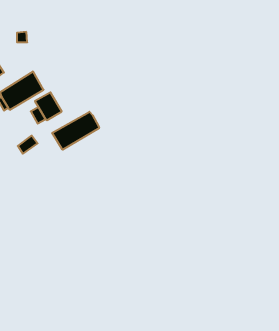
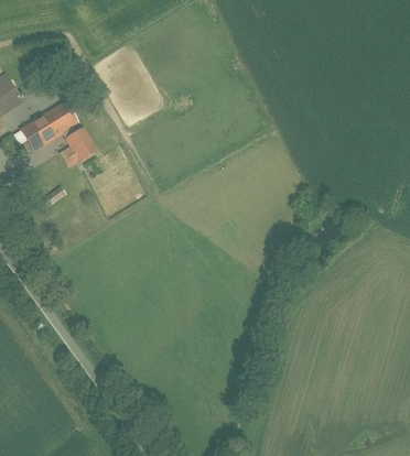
building: [52,112,99,150] -> none

